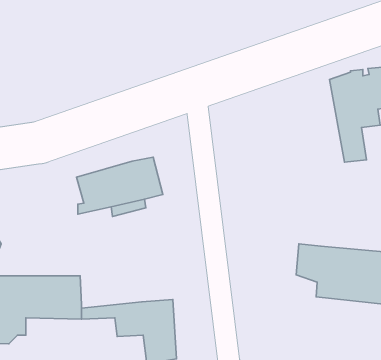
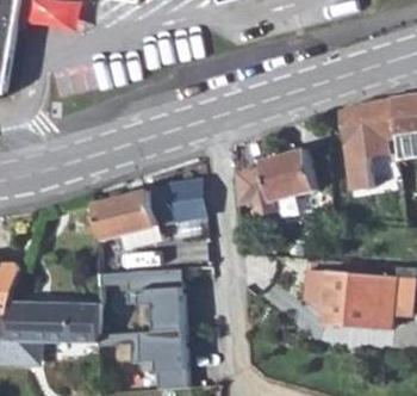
building: none -> [222,148,317,219]
building: none -> [168,180,206,222]
building: none -> [101,265,187,326]

